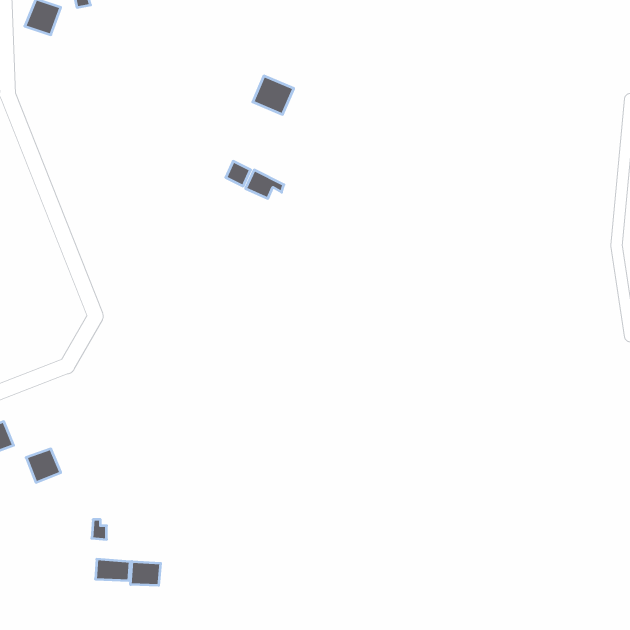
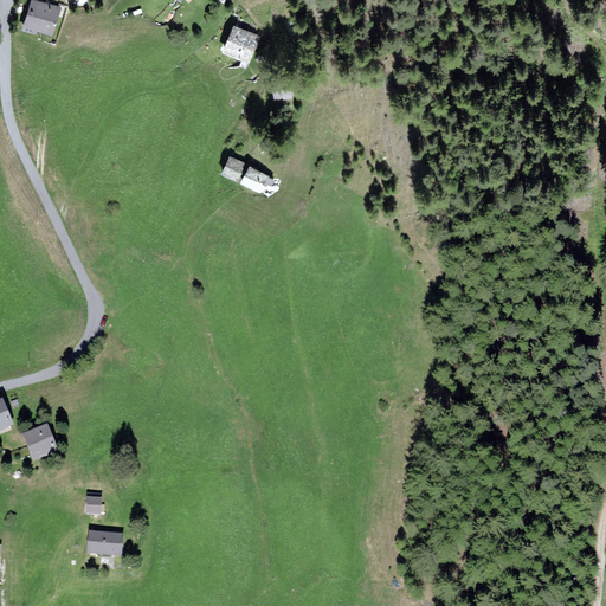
building: [253,76,294,114] -> [219,22,258,59]
building: [131,561,161,585] -> none

